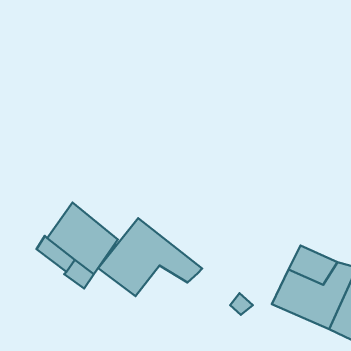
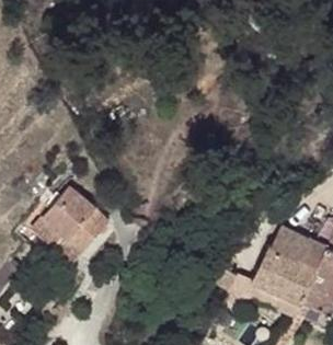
building: [98,218,202,296] -> none

